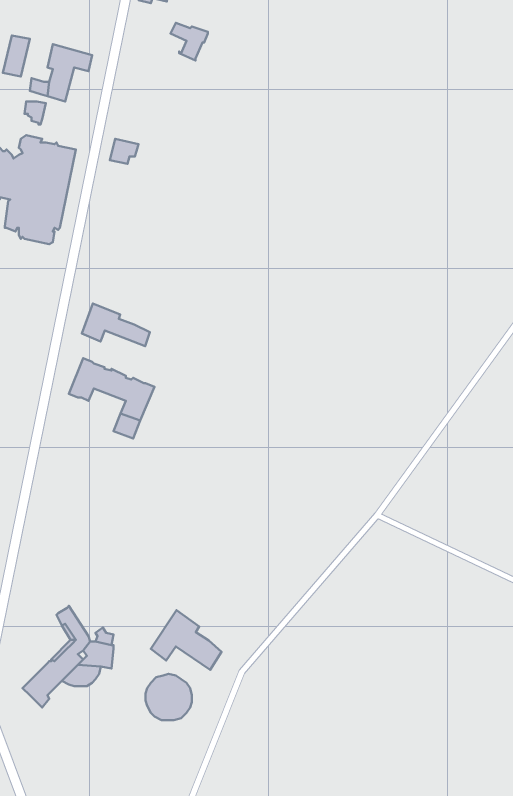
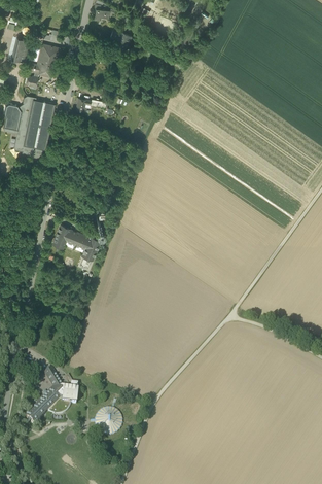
building: [82,304,150,346] -> none
building: [151,610,221,670] -> none

